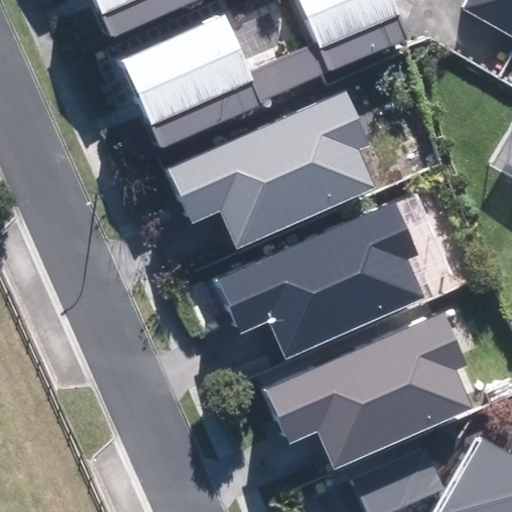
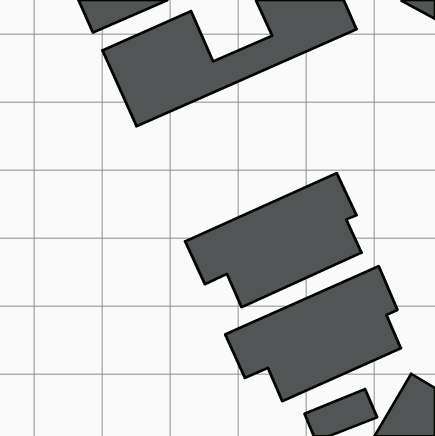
building: [169,93,376,250] -> none

